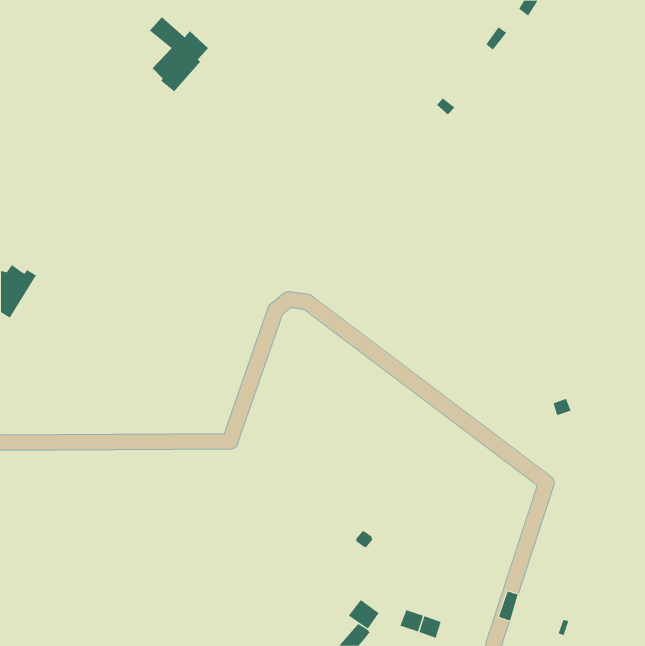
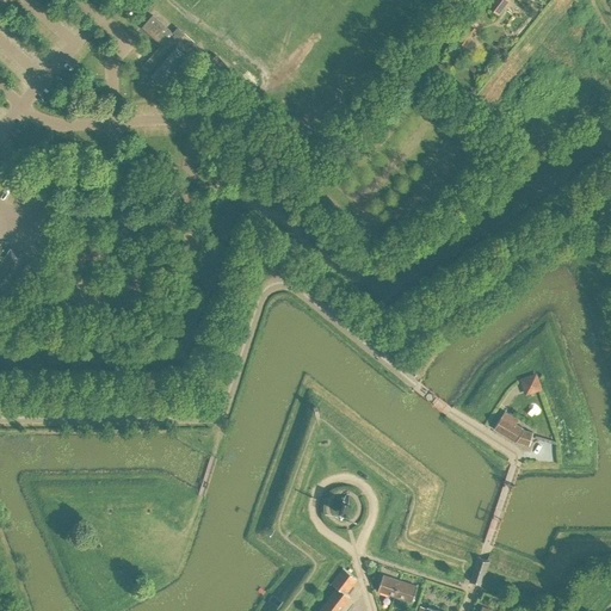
building: none -> [495,412,533,446]

